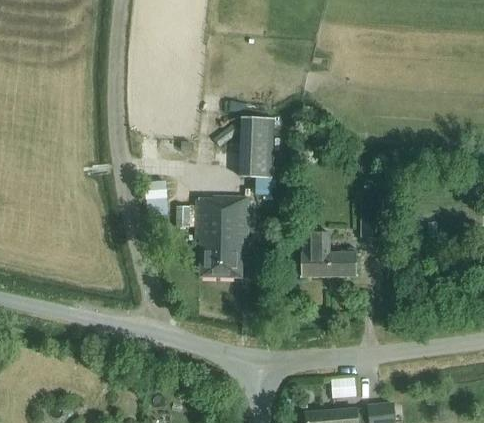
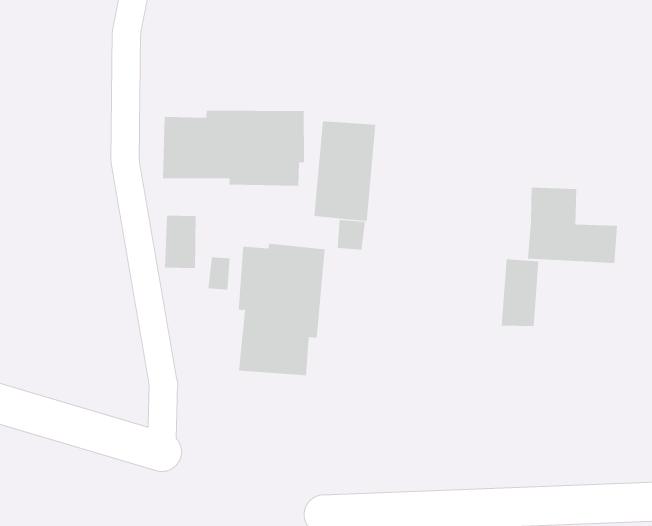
building: none -> [163,110,305,187]
building: [300,231,356,277] -> [527,187,618,264]

